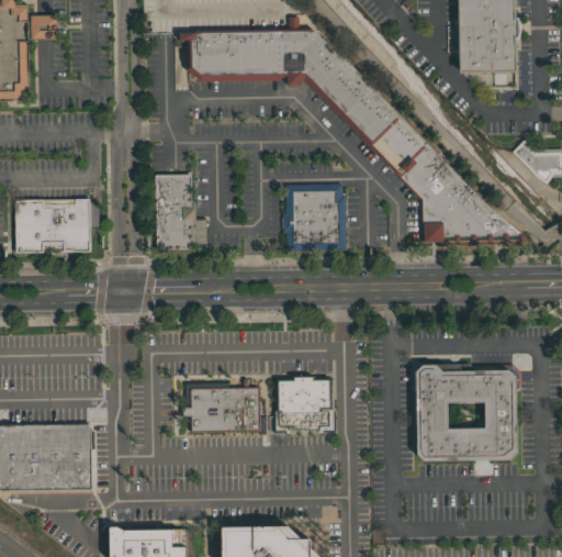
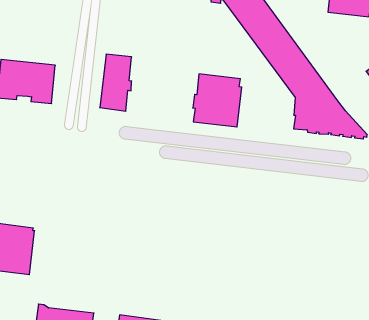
building: [416,364,521,460] -> none
building: [273,377,336,433] -> none
building: [184,381,266,432] -> none

